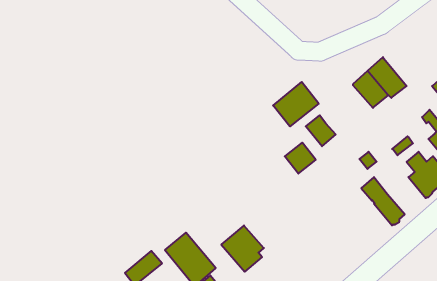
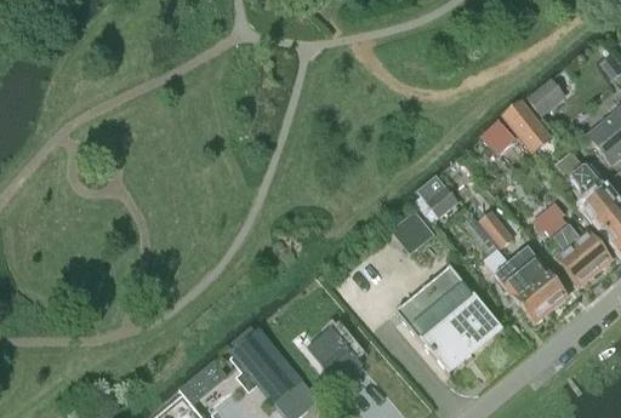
building: none -> [526,76,566,114]
building: [273,82,319,126] -> none
building: none -> [509,244,568,307]
building: none -> [397,265,503,373]

